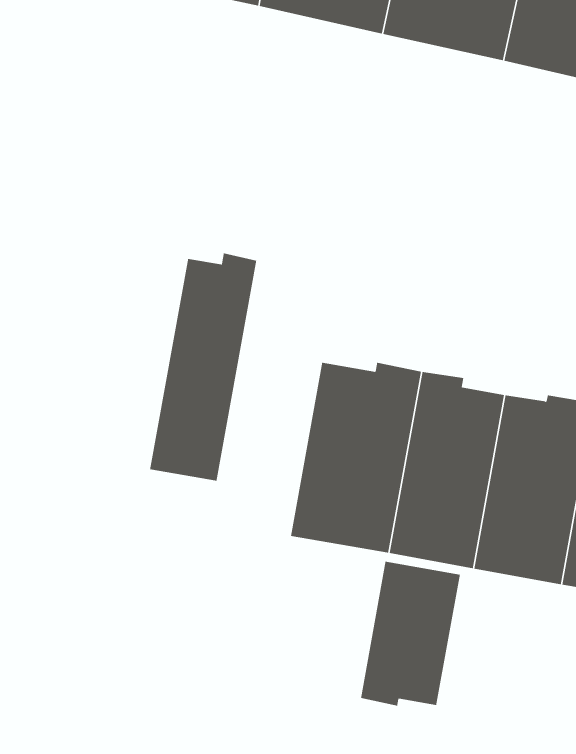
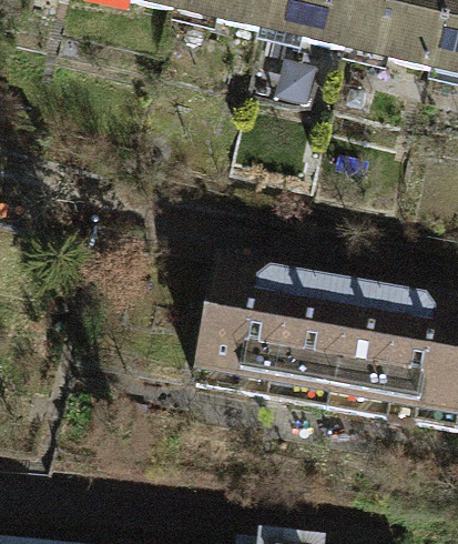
building: [149,253,257,482] -> none
building: [360,561,460,706] -> none

